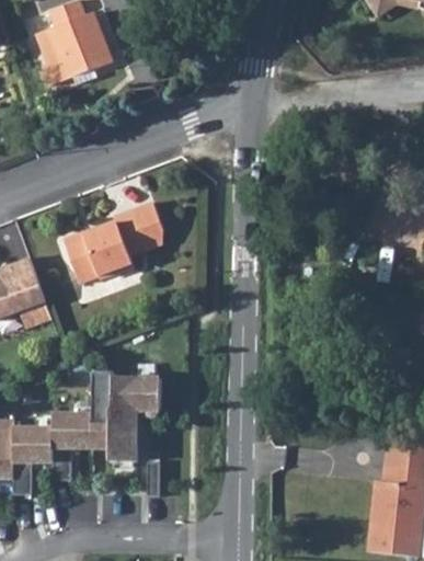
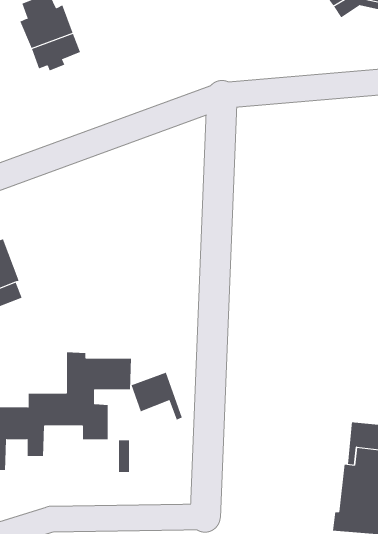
building: [64,195,162,276] -> none
building: none -> [131,372,183,420]

